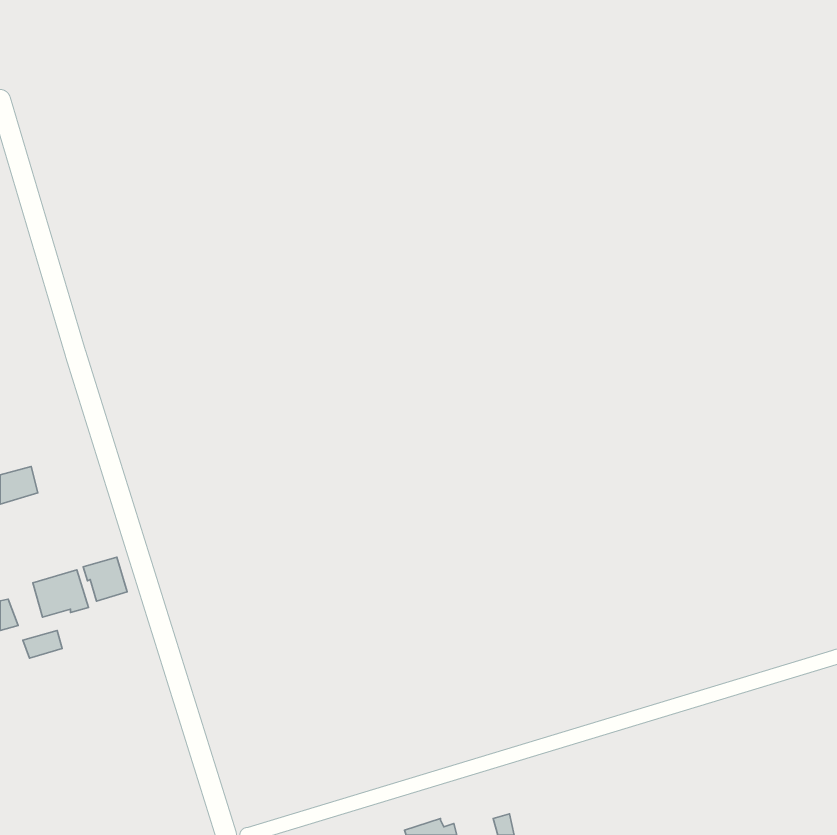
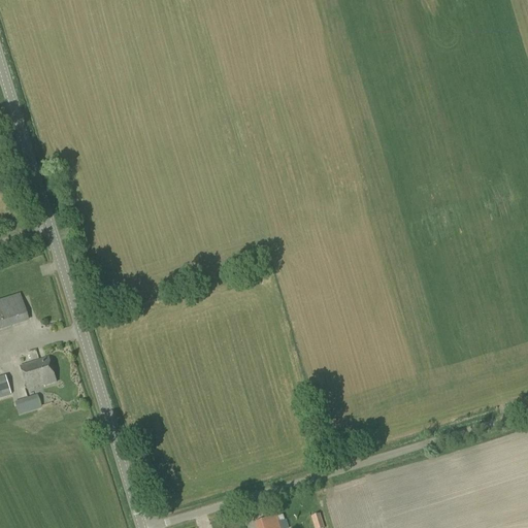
building: [83,557,127,601] -> none

